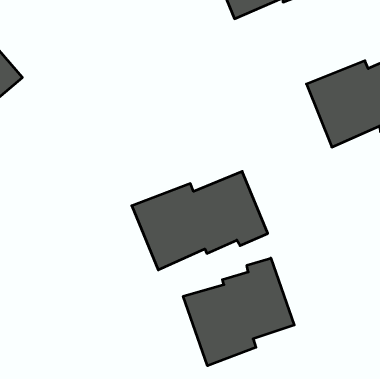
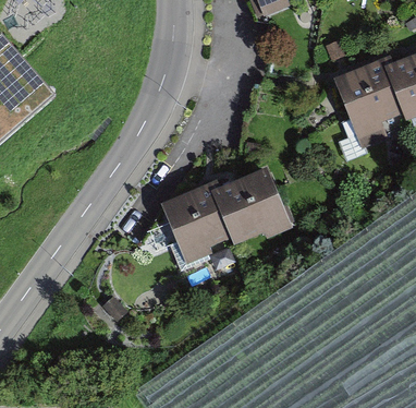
building: [183,258,294,366] -> none

